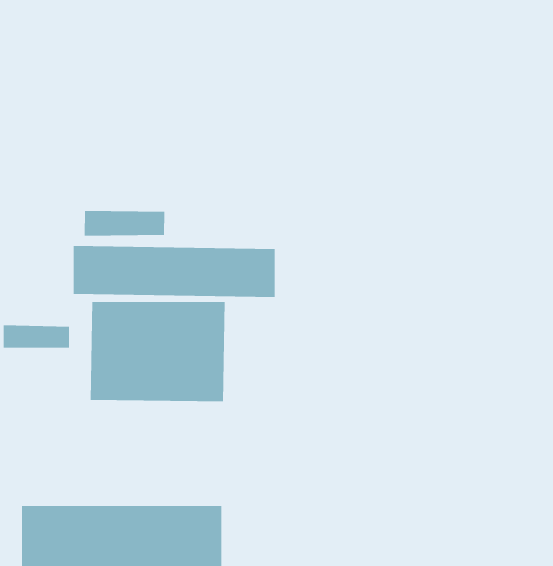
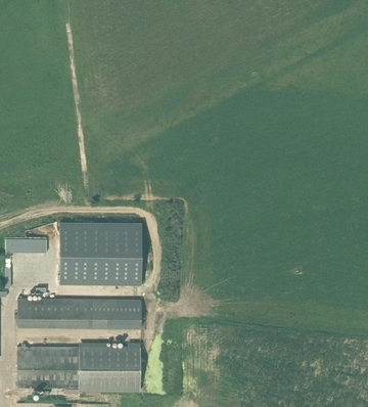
building: [84,210,165,237] -> none
building: [73,246,275,297] -> [17,298,141,329]

